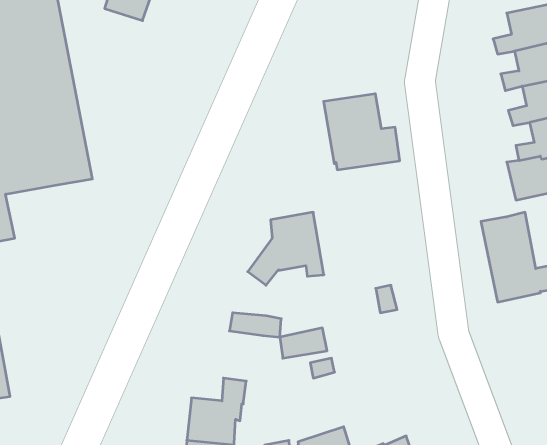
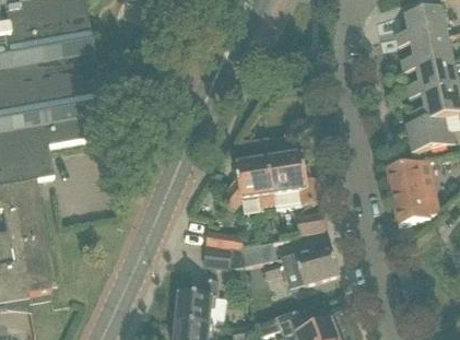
building: [324,94,400,170] -> [266,151,320,206]
building: none -> [203,242,244,267]
building: none -> [294,244,339,282]

